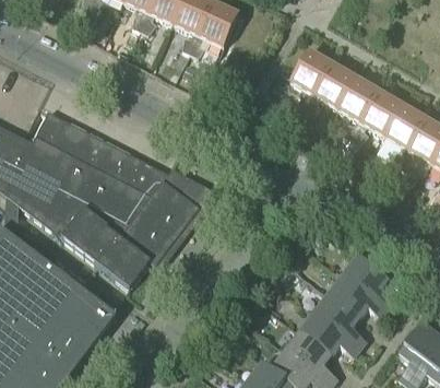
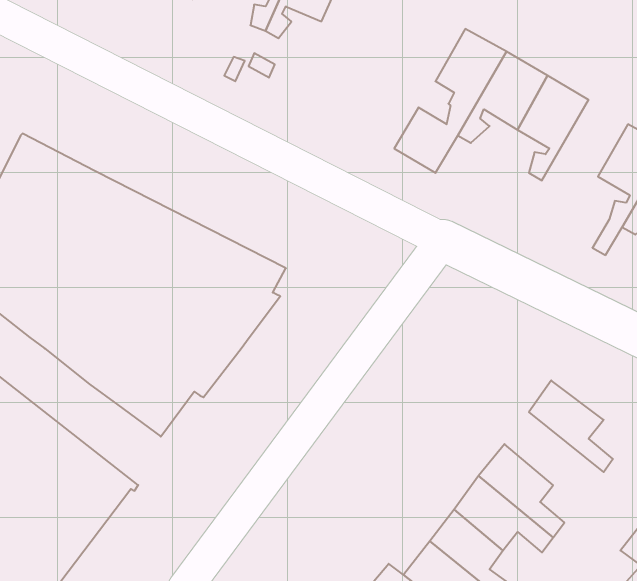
building: [353,90,403,141] -> none
building: [331,272,389,315] -> none

